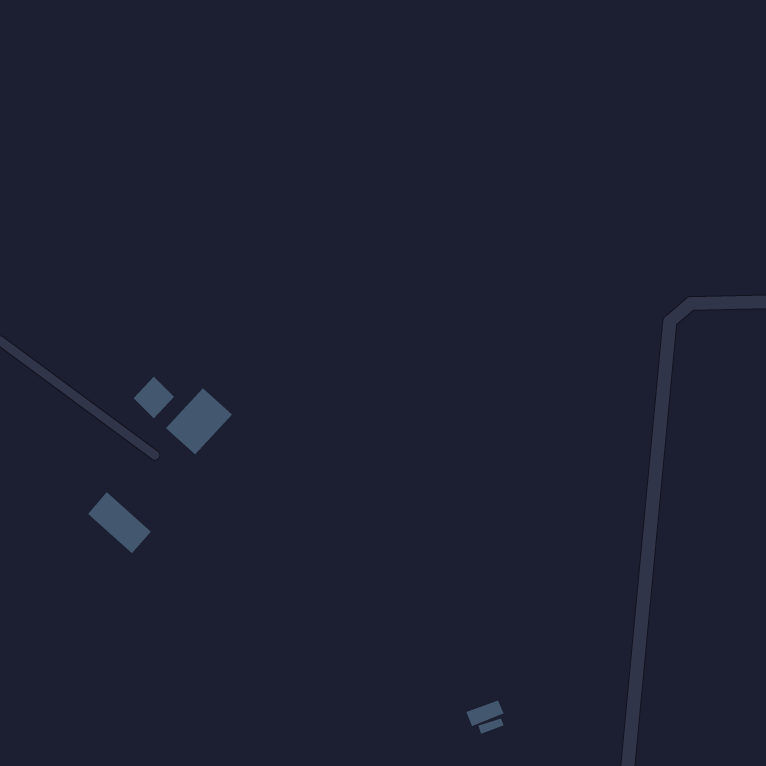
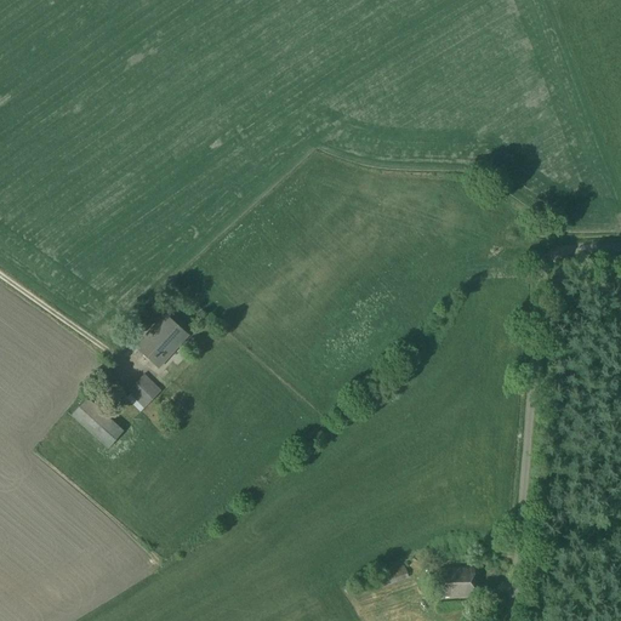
building: [133,376,175,419] -> [127,372,161,408]
building: none -> [440,568,475,596]

